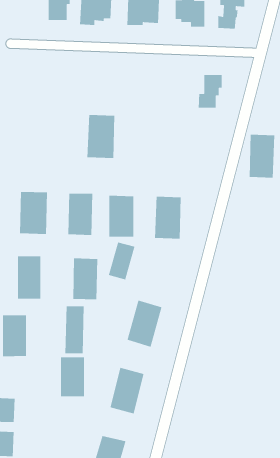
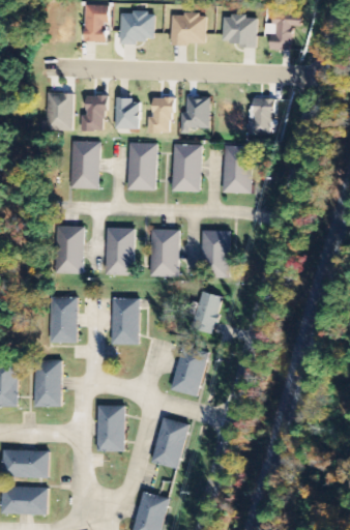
building: none -> [48,92,74,130]
building: none -> [82,94,109,129]
building: none -> [148,96,175,131]
building: none -> [181,96,210,132]
building: none -> [115,97,139,128]
building: none -> [69,140,100,188]
building: none -> [172,145,202,193]
building: [249,134,275,178] -> [223,145,252,194]
building: [108,241,135,280] -> [192,291,222,333]
building: [65,305,85,354] -> none

